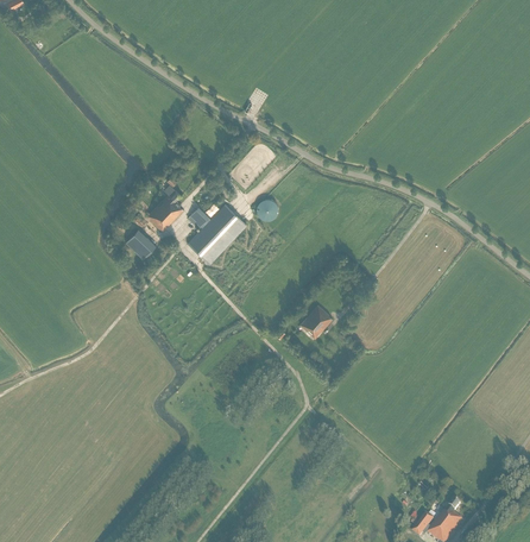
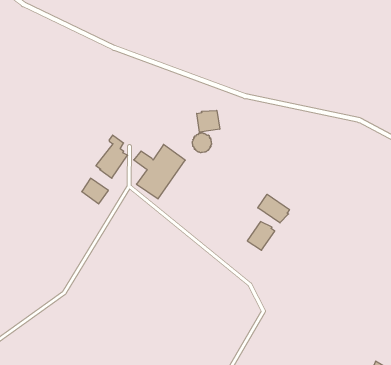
building: none -> [197,110,220,132]
building: none -> [258,194,289,223]

